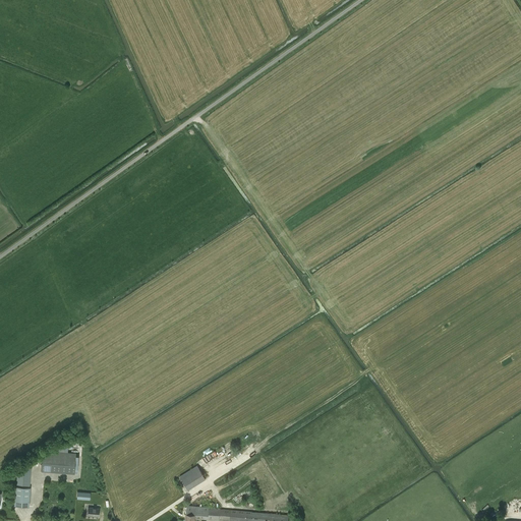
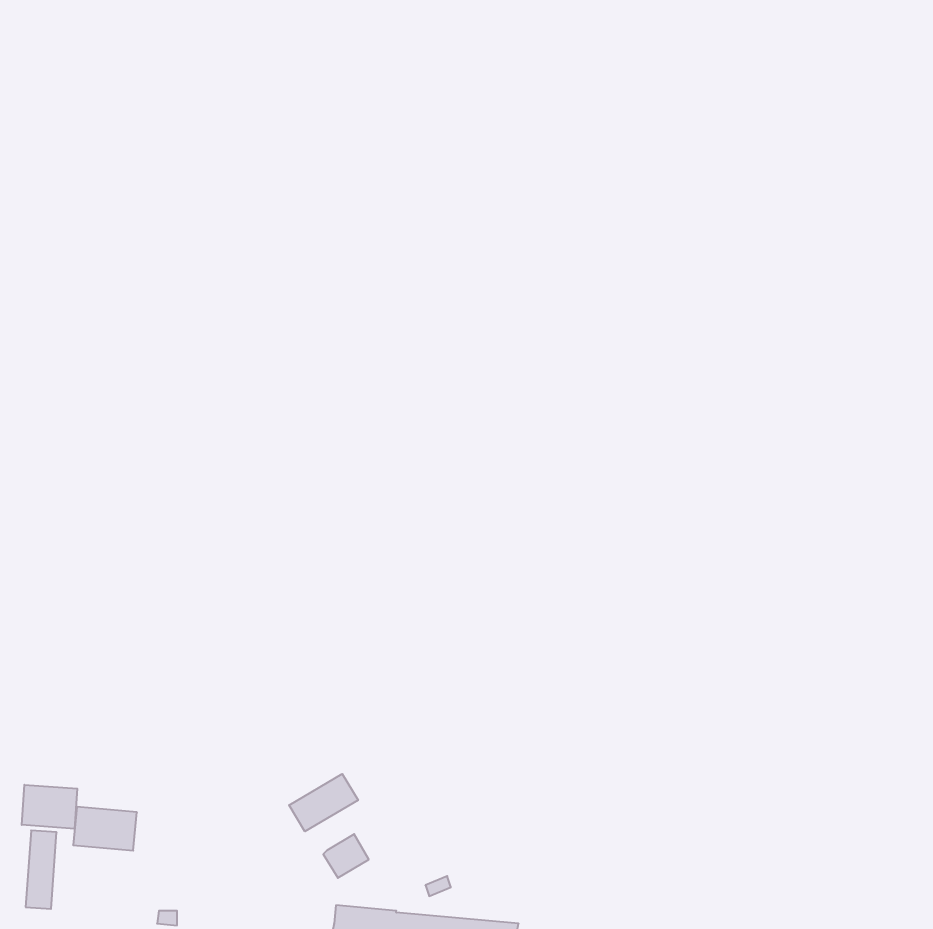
building: none -> [289,774,358,831]
building: none -> [22,785,77,829]

